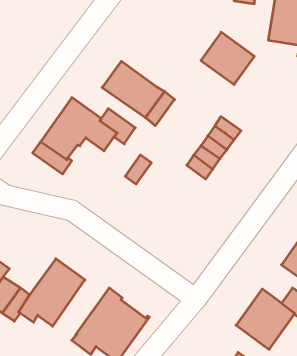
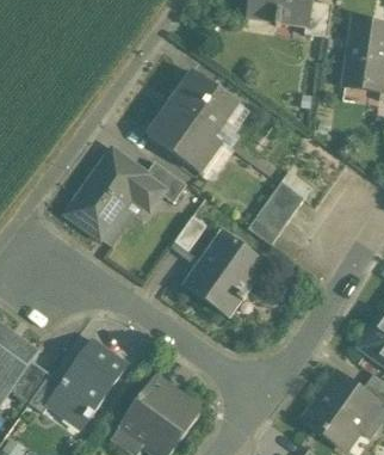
building: [201,32,254,85] -> [171,72,234,134]
building: none -> [190,236,261,320]

